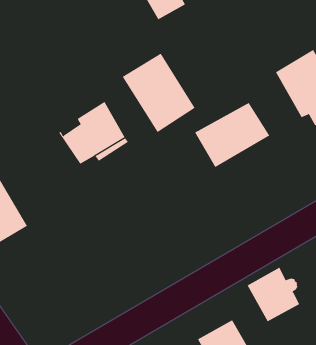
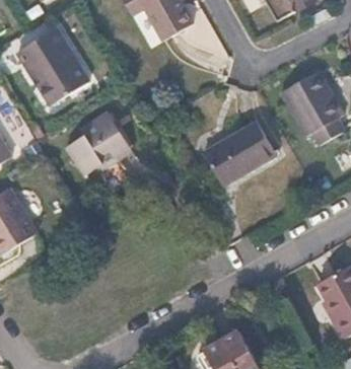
building: [122,53,195,133] -> [16,28,88,106]
building: [247,267,300,322] -> none

